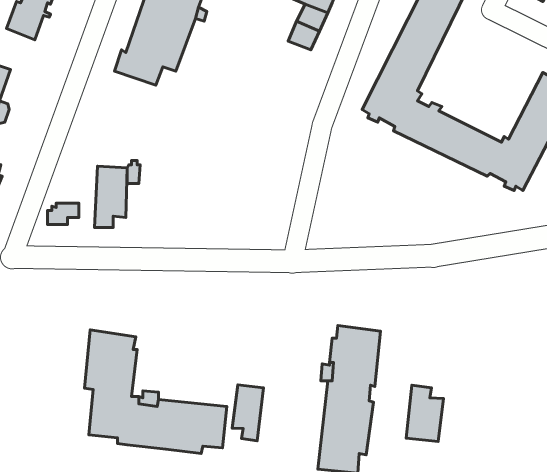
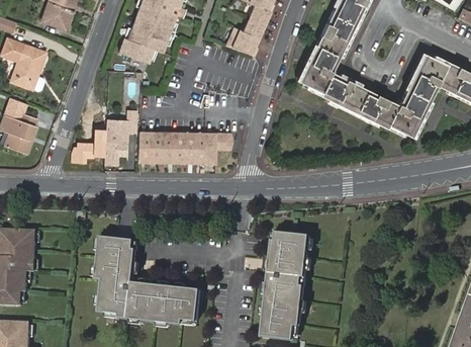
building: none -> [225,26,258,54]
building: none -> [137,131,232,162]
building: [232,385,263,441] -> none
building: [406,385,444,441] -> none

